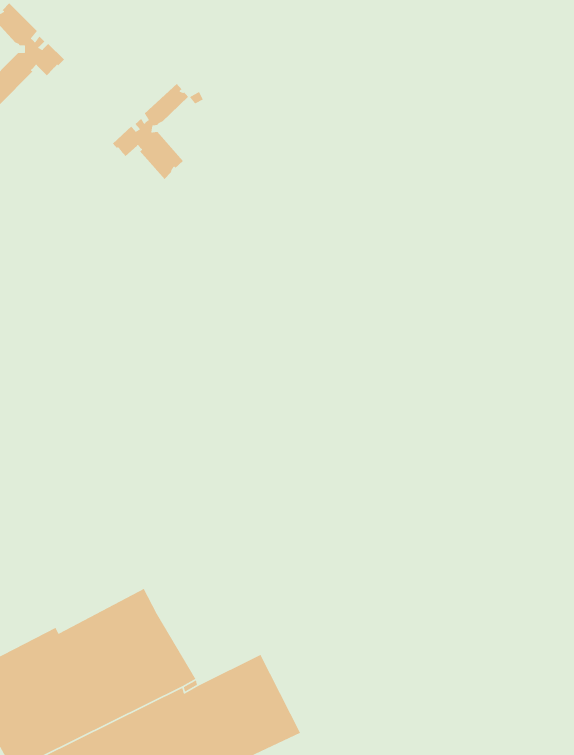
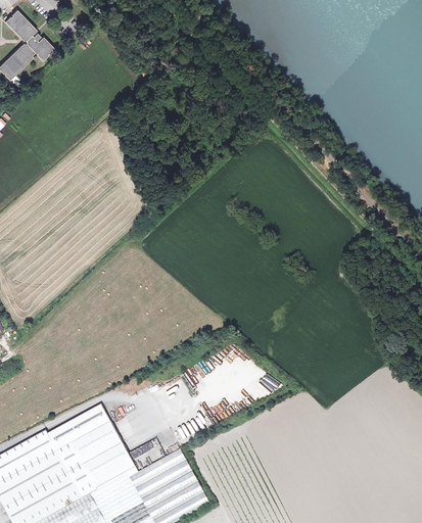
building: [112,83,189,180] -> none

